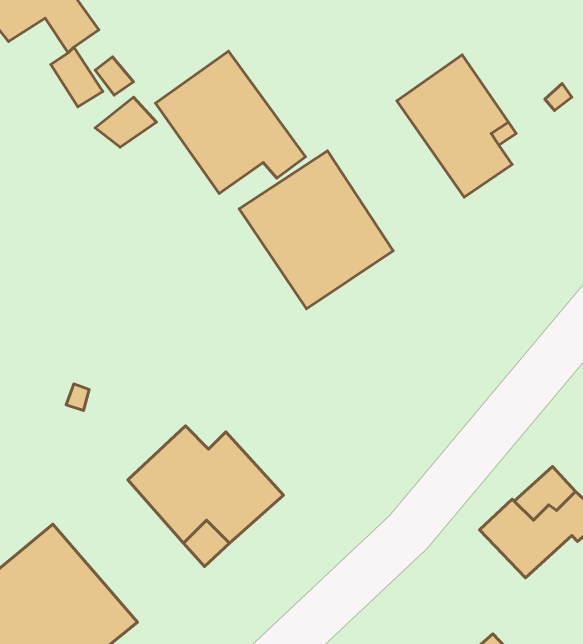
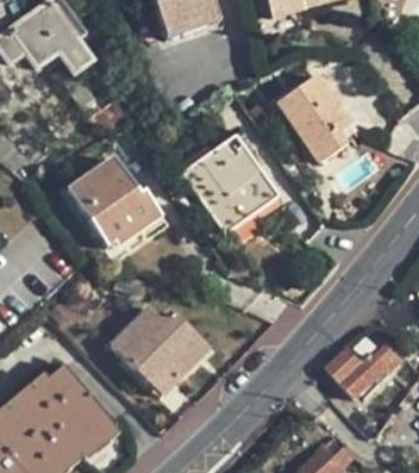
building: [156,51,306,193] -> [69,158,162,247]

